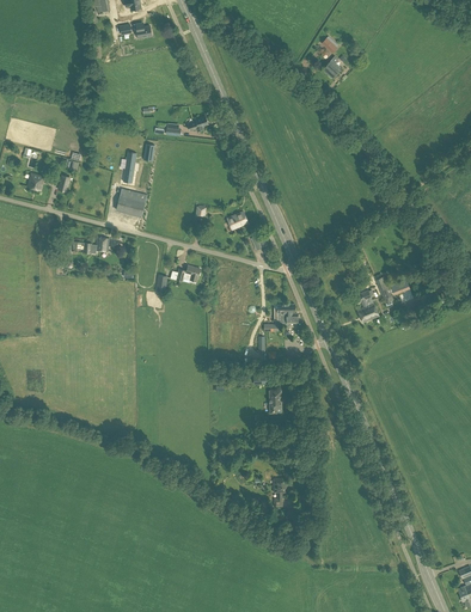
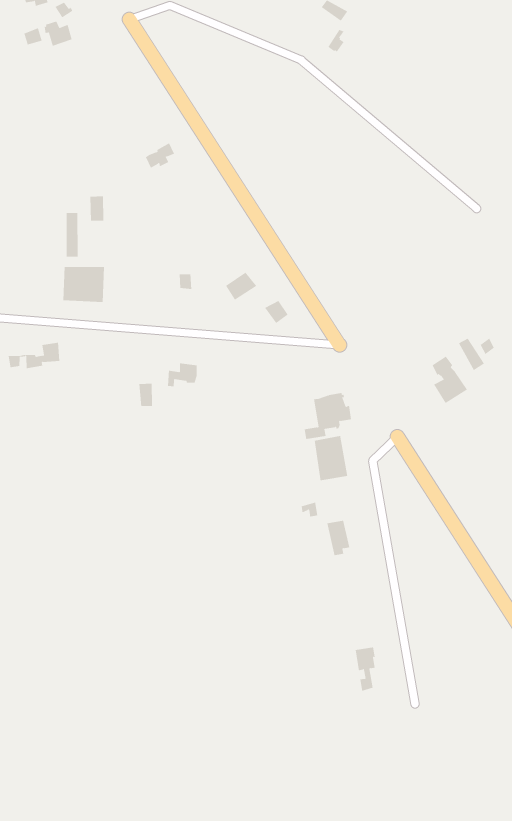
building: none -> [314,435,348,481]

